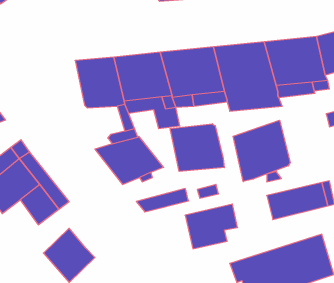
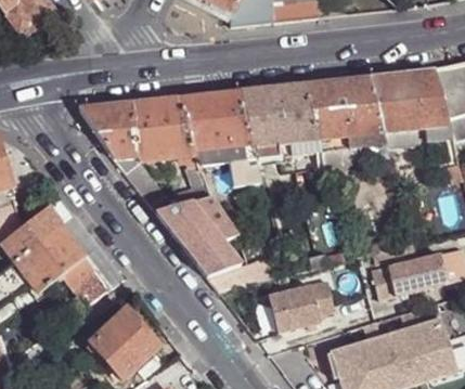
building: none -> [77,99,163,203]
building: [233,120,290,182] -> none
building: [170,124,224,171] -> none

